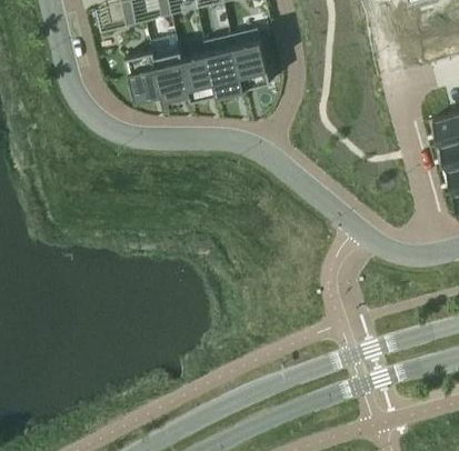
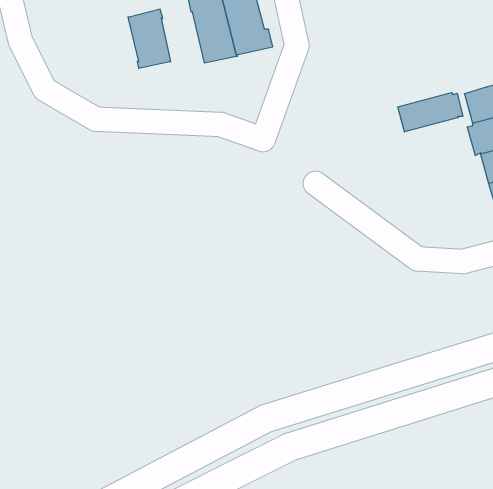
building: [124,48,162,98] -> none
building: [181,50,217,102] -> none
building: none -> [398,93,463,132]

